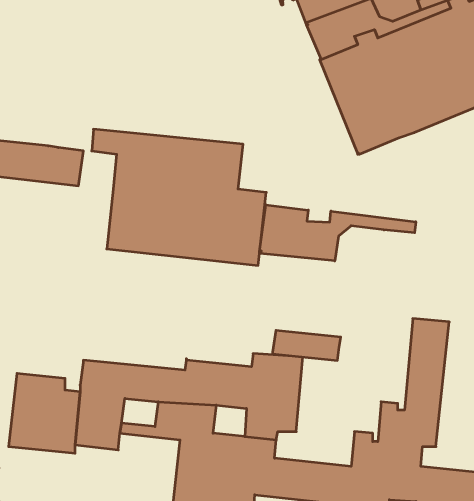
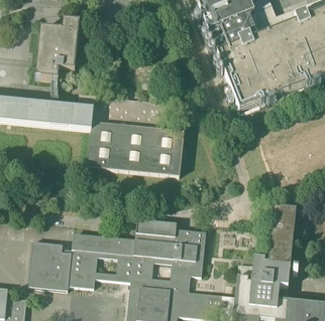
building: none -> [35,21,80,81]
building: none -> [70,107,93,130]
building: [260,205,416,261] -> none
building: [273,330,341,360] -> [135,219,177,237]

